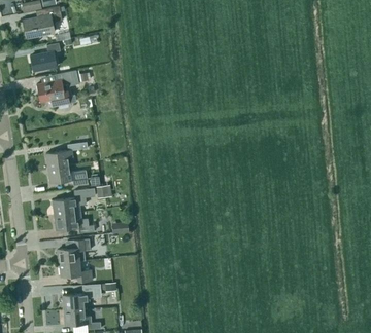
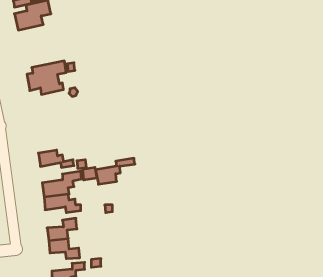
building: [30,43,60,71] -> none
building: [45,142,88,170] -> [96,158,135,184]

